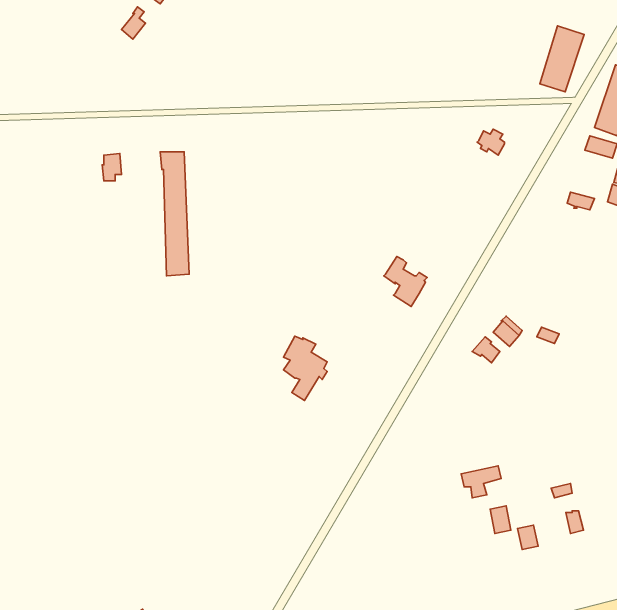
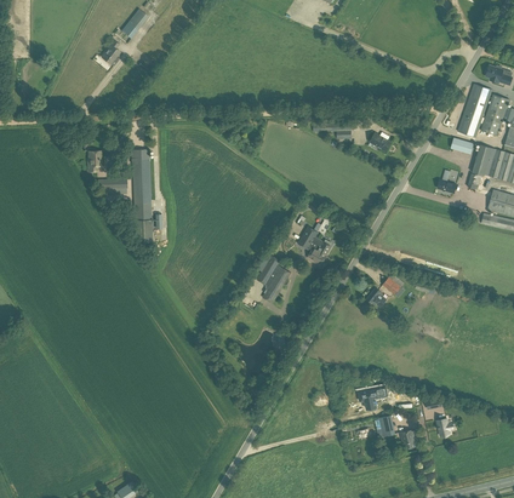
building: [540,26,584,92] -> none
building: [284,336,327,401] -> [256,254,289,303]

